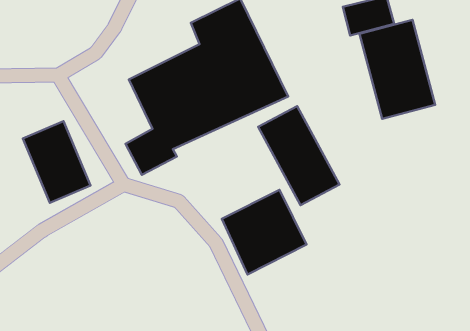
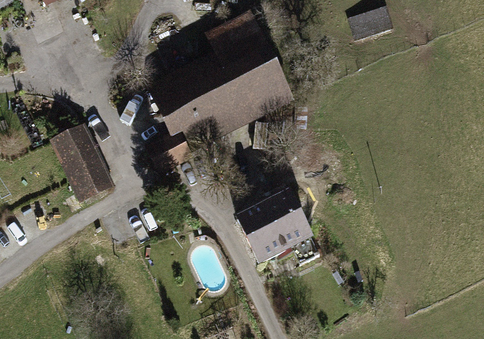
building: [360,20,435,119] -> none
building: [258,106,339,205] -> none

